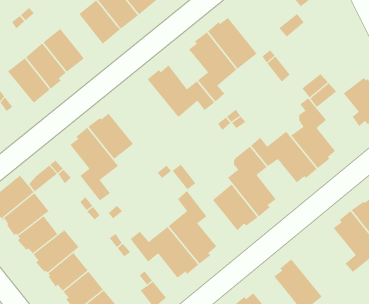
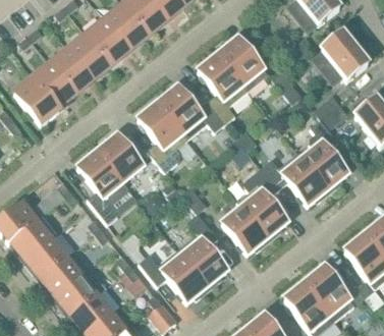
building: none -> [315,31,369,78]
building: none -> [69,33,112,77]
building: none -> [139,99,188,170]
building: none -> [304,266,355,319]

